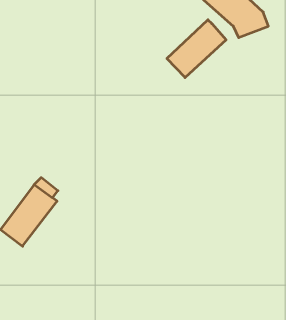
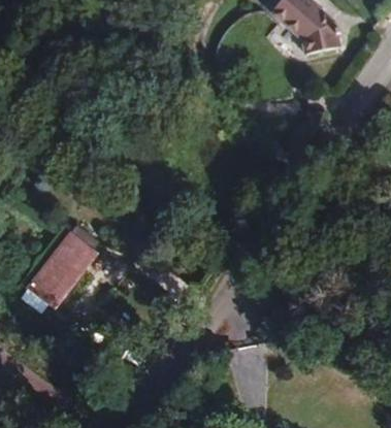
building: [167,20,226,78] -> none

